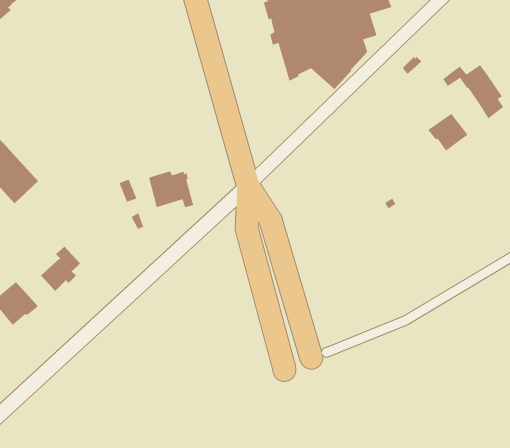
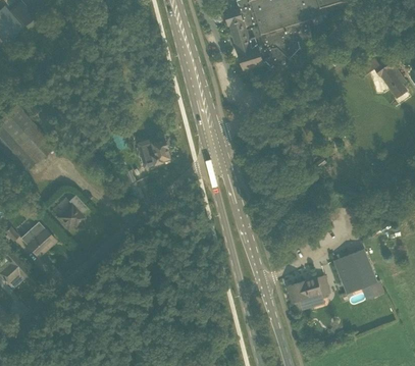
building: [427,113,468,153] -> none
building: none -> [332,249,383,299]
building: none -> [288,275,329,310]

